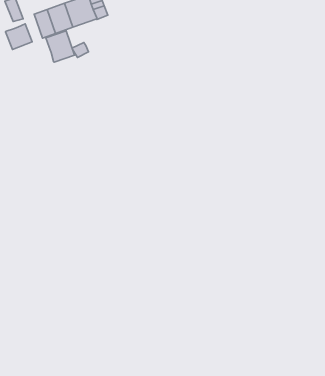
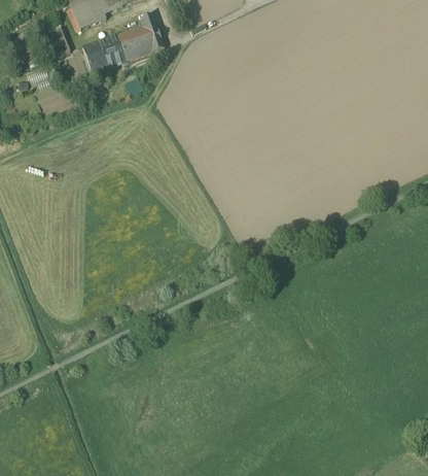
building: [6,24,32,49] -> none
building: [46,31,74,62] -> none

